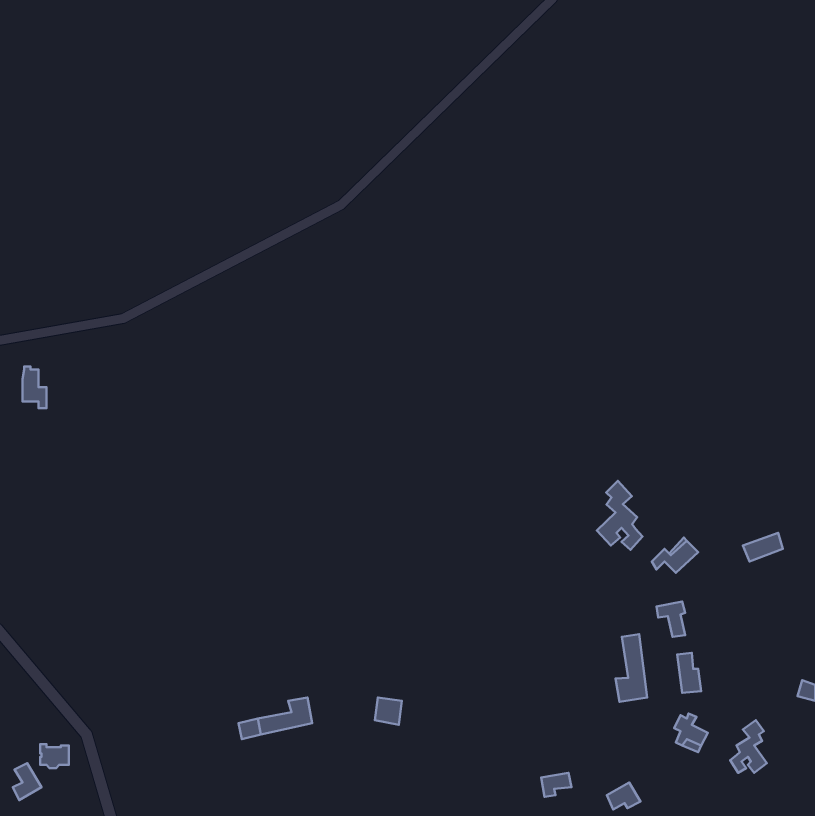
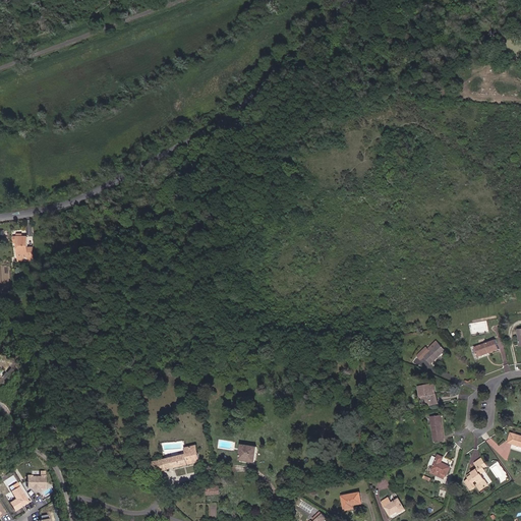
building: [597,481,642,550] -> none
building: [616,634,647,702] -> none

